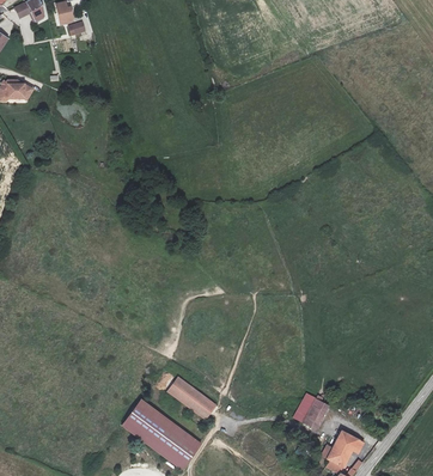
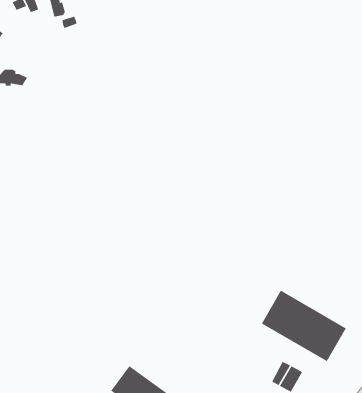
building: none -> [261,290,347,362]
building: [166,376,216,417] -> none

